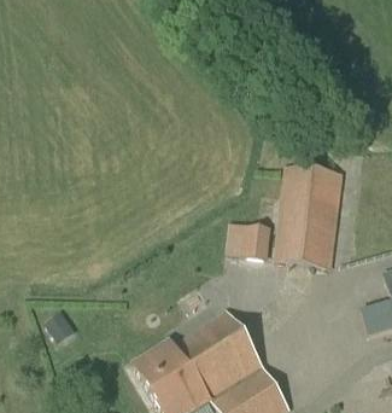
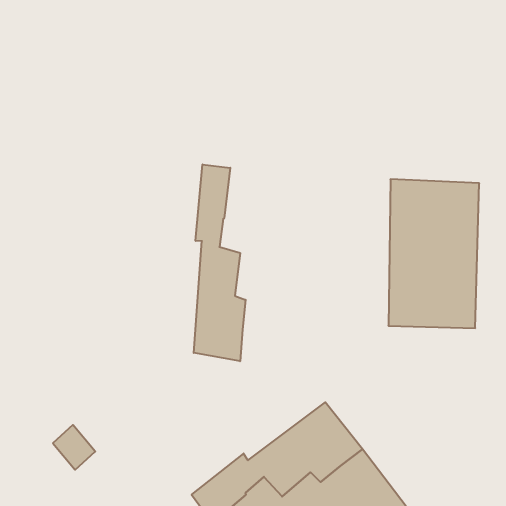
building: none -> [194,164,246,361]
building: [226,222,271,261] -> none

